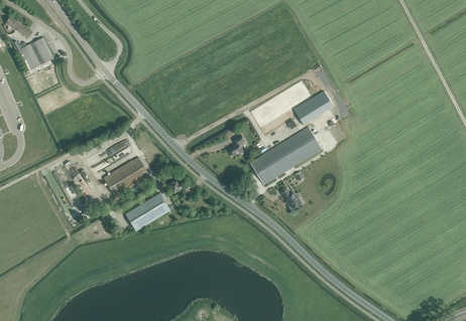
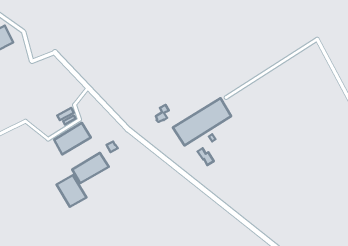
building: [294,91,333,124] -> none
building: none -> [57,175,87,207]

